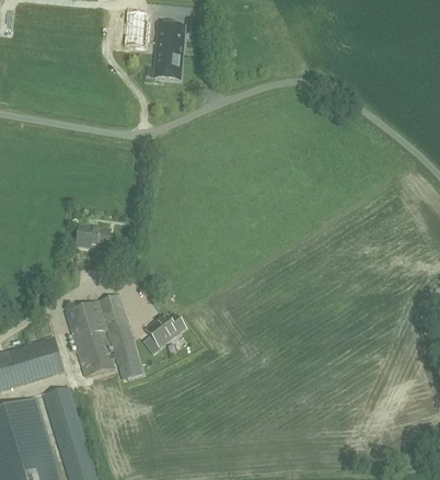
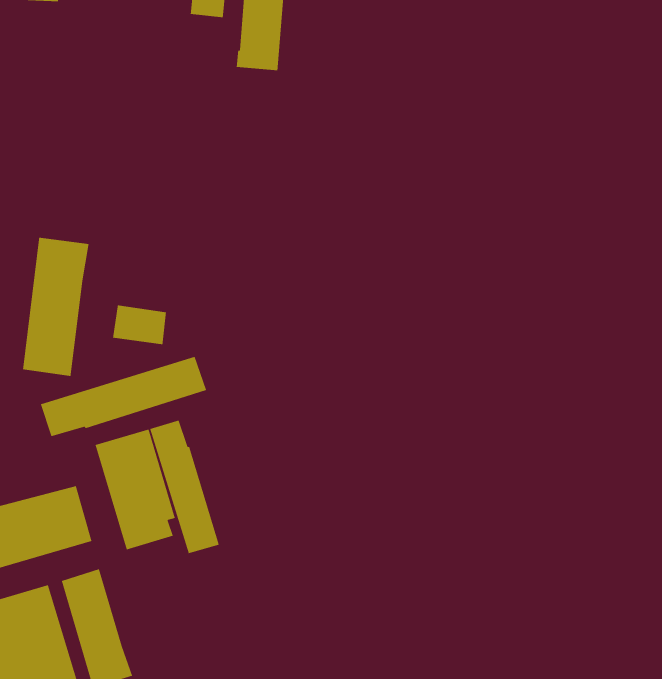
building: none -> [22,237,90,377]
building: none -> [40,356,207,437]
building: [146,315,184,345] -> none

